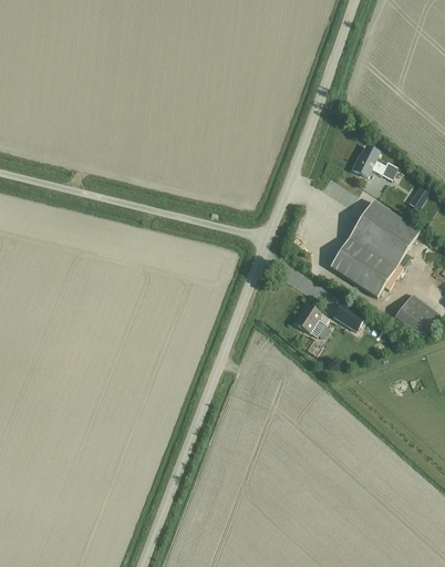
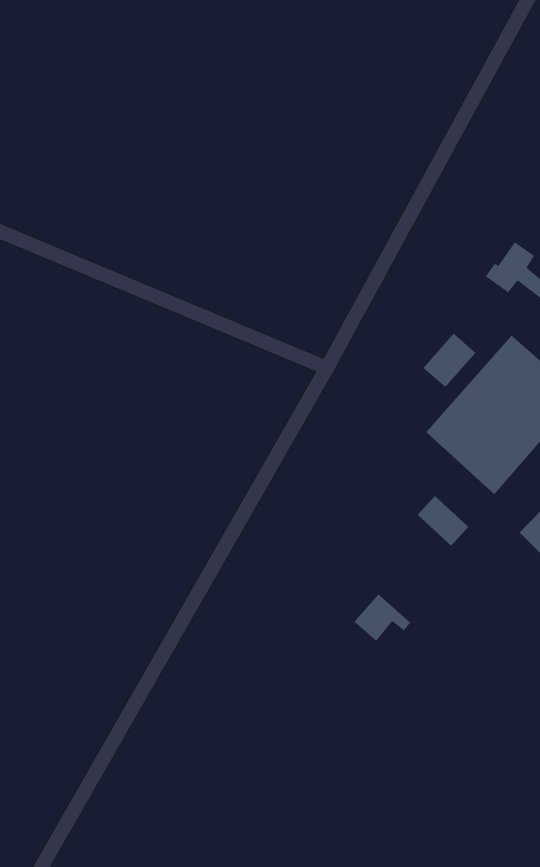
building: none -> [423,333,476,388]
building: [293,303,328,332] -> [353,594,411,642]

